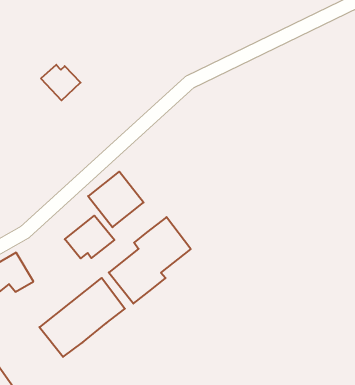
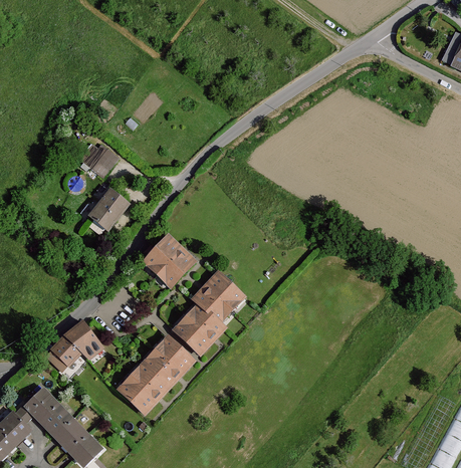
building: none -> [91,191,130,231]
building: [65,216,114,258] -> none

